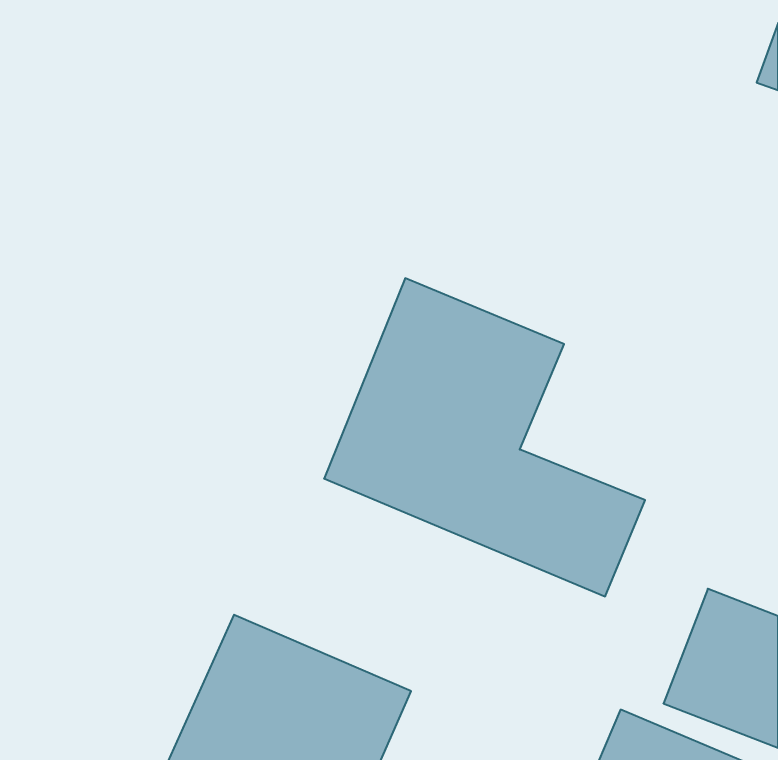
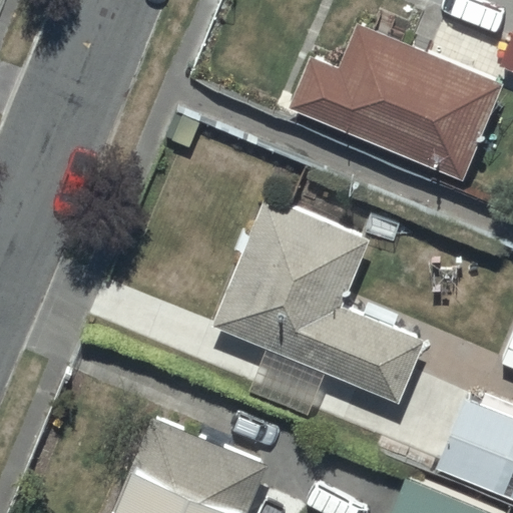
building: none -> [290,25,504,182]

